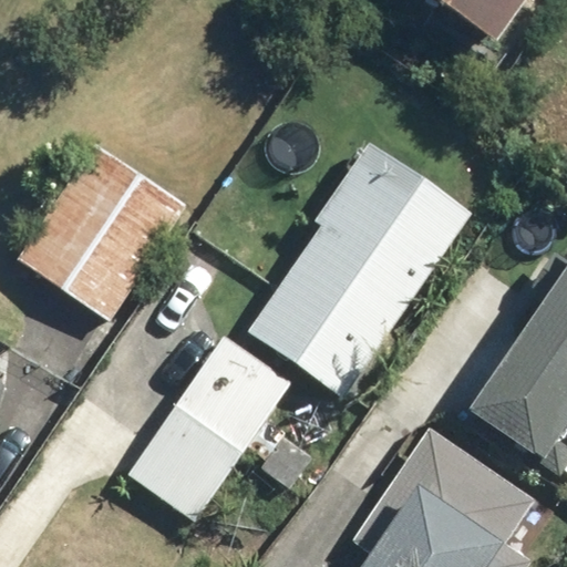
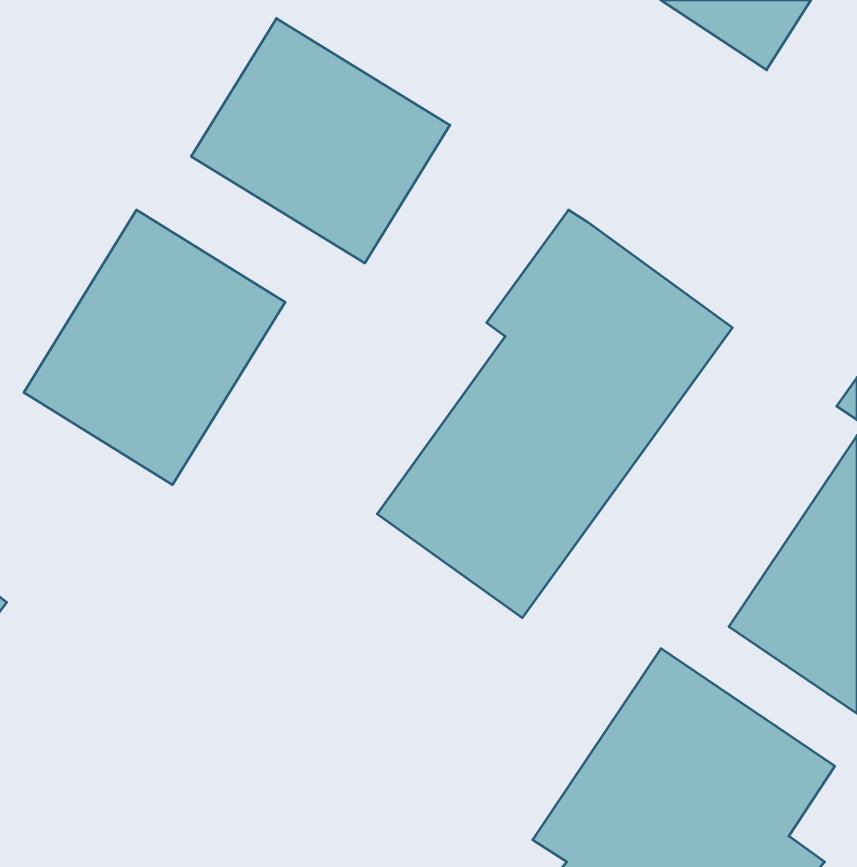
building: none -> [191,18,450,263]
building: [127,333,287,519] -> none

